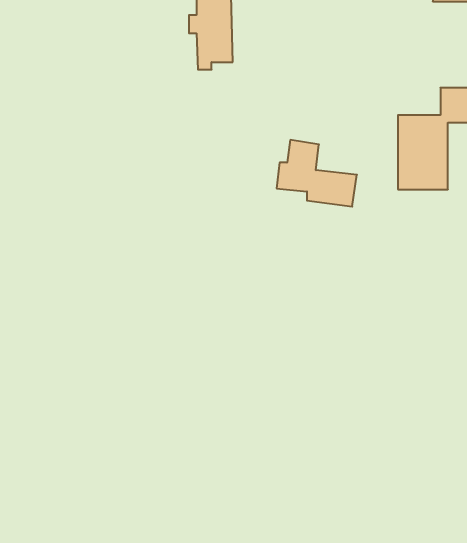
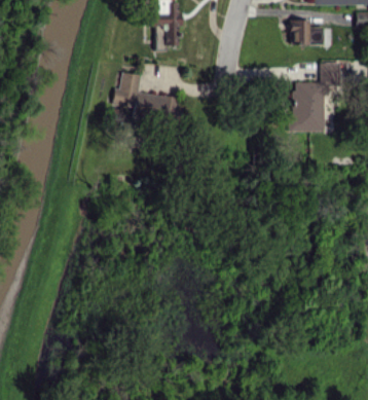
building: none -> [291,20,326,45]
building: [277,140,357,207] -> [113,72,168,117]

